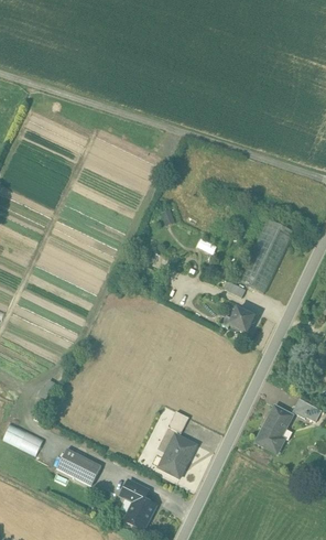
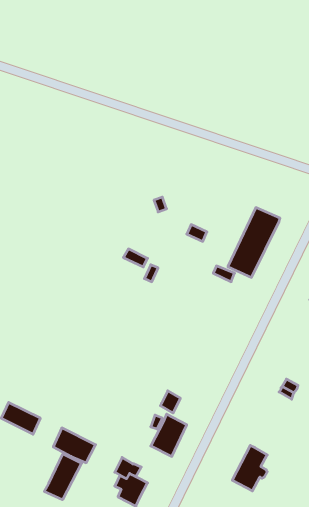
building: [221,306,256,332] -> none
building: [256,404,292,452] -> [232,445,267,491]
building: none -> [44,454,82,500]

